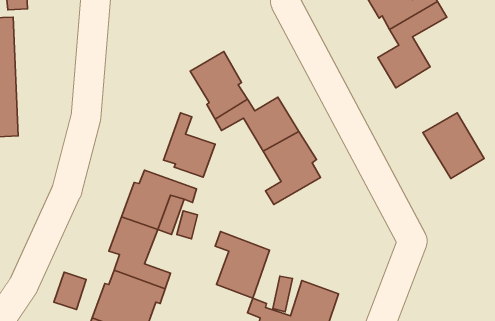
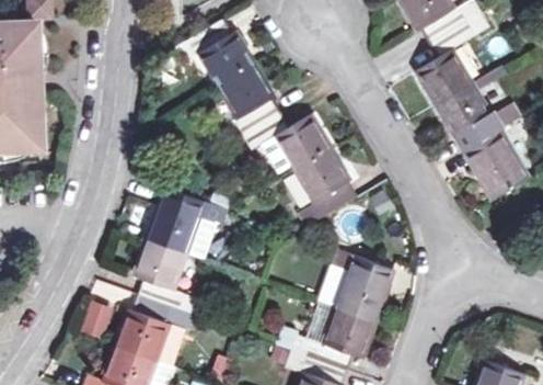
building: none -> [176,19,255,86]
building: none -> [436,81,519,149]
building: [163,113,215,177] -> none
building: [215,232,270,298] -> [336,250,393,320]

